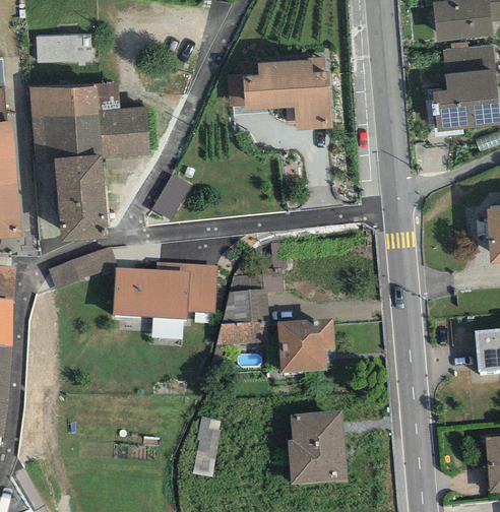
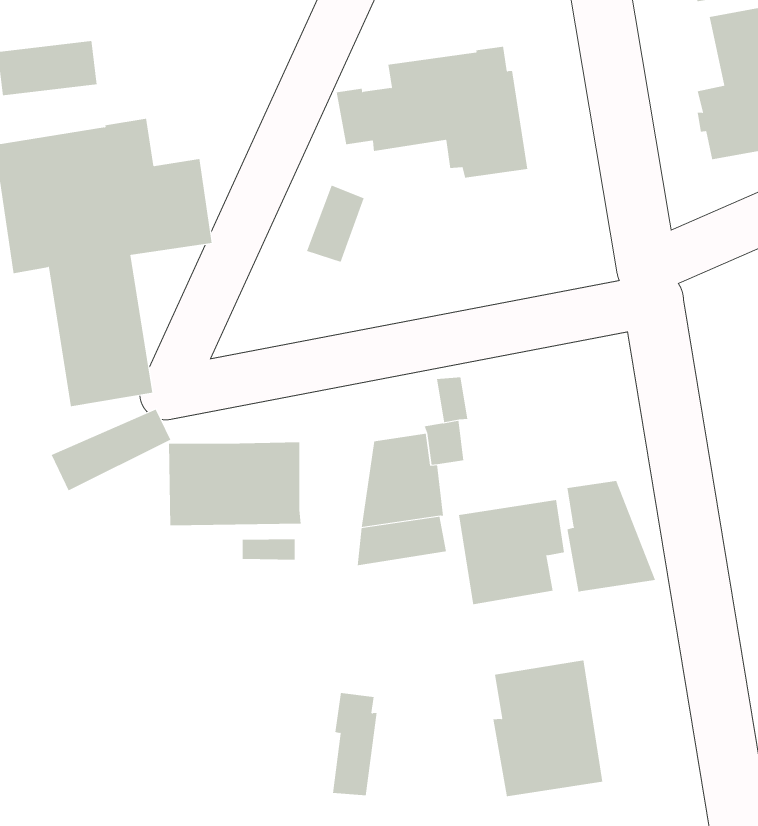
building: [153,173,189,217] -> [306,185,364,263]
building: [155,261,217,312] -> none
building: none -> [567,480,656,592]

